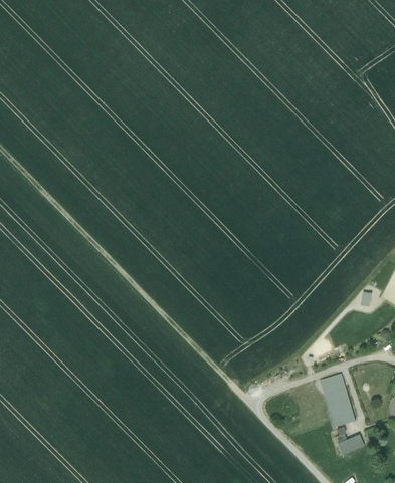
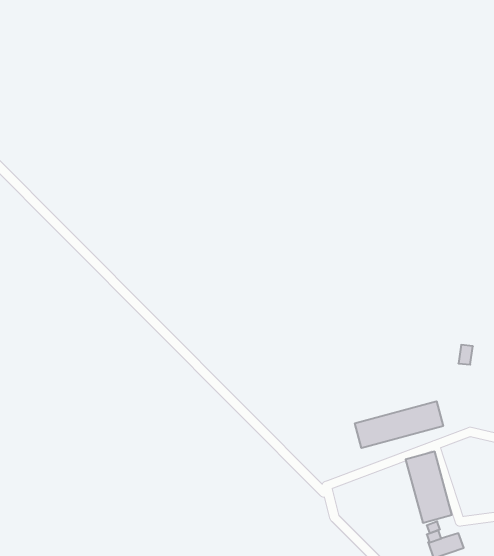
building: none -> [355,401,443,448]

